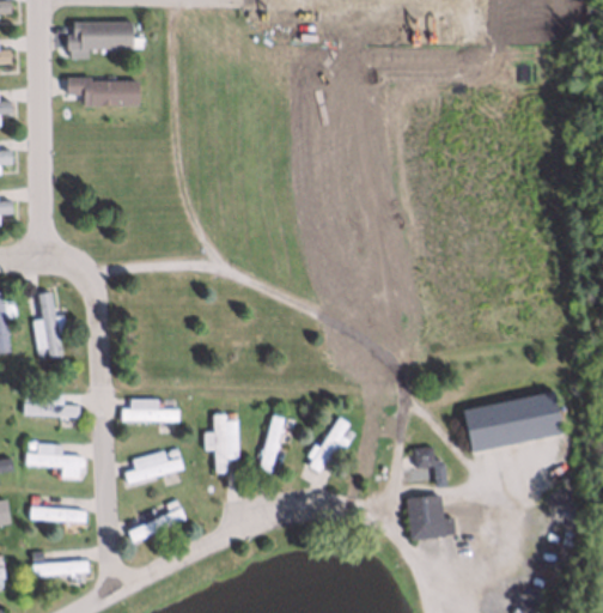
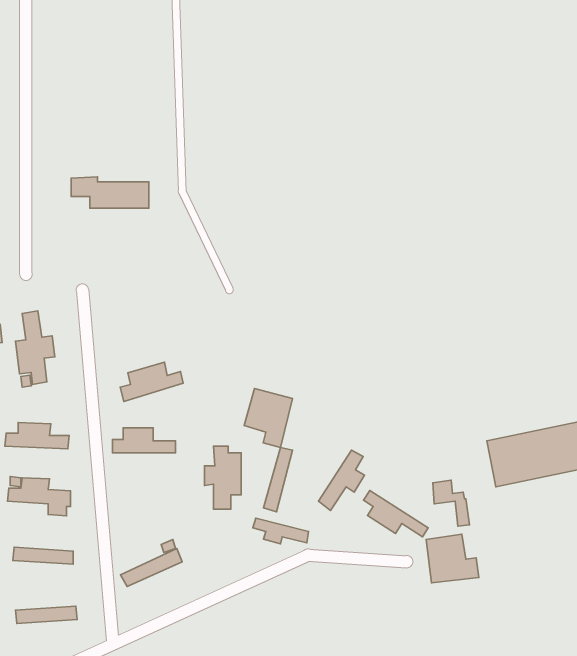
building: [67,23,133,51] -> none
building: [68,78,139,107] -> [71,177,149,208]
building: none -> [244,389,293,448]
building: [124,449,182,485] -> [120,362,183,402]
building: none -> [363,490,428,537]
building: none -> [253,518,308,544]

